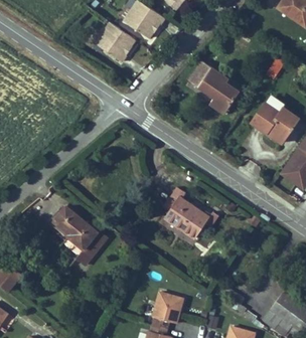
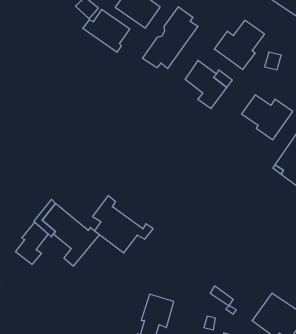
building: none -> [142,7,198,69]
building: none -> [214,20,264,70]
building: [167,184,225,239] -> [93,195,153,253]
building: none -> [16,222,48,264]

